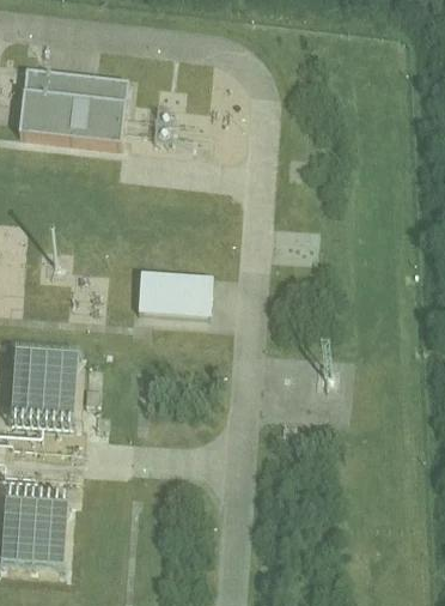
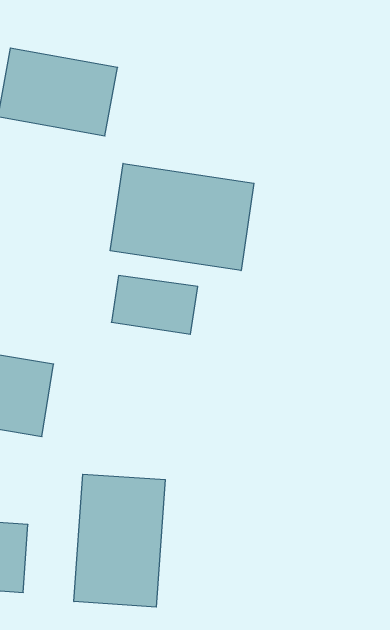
building: none -> [110,163,254,271]
building: none -> [74,474,165,607]

